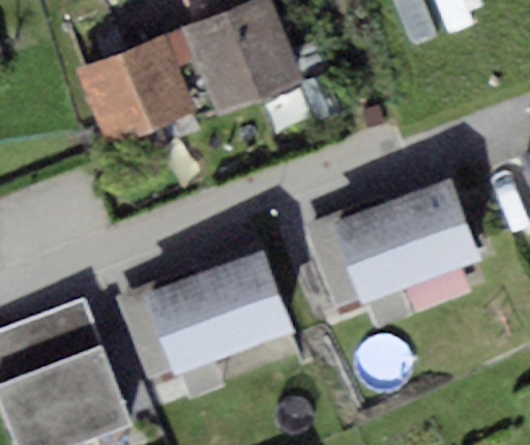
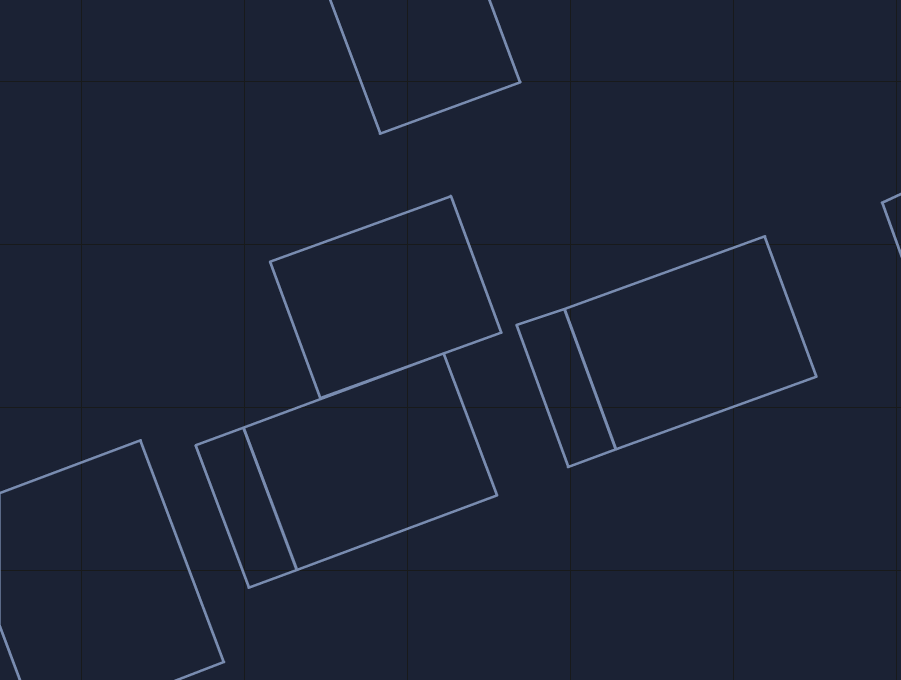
building: [84,46,198,151] -> none
building: none -> [270,196,501,398]

